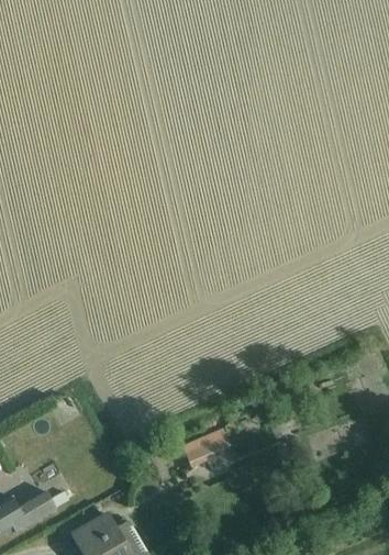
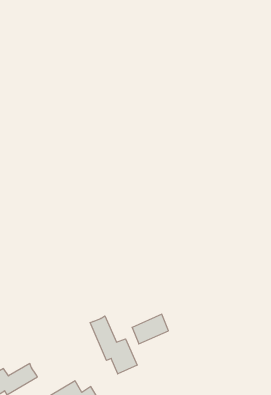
building: none -> [90,316,137,374]

